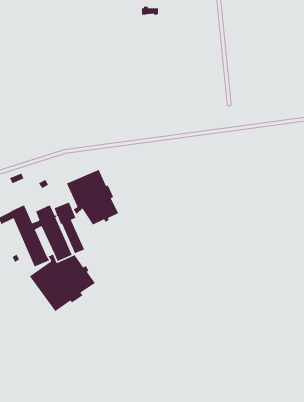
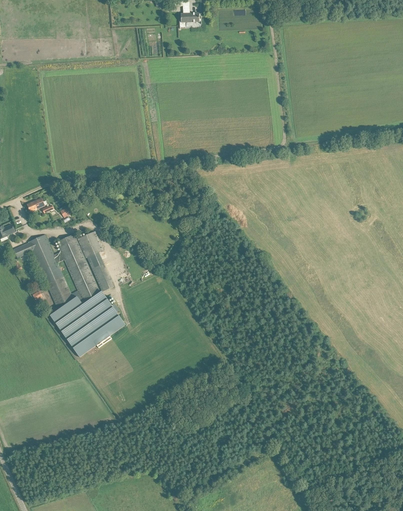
building: [66,169,119,225] -> none

